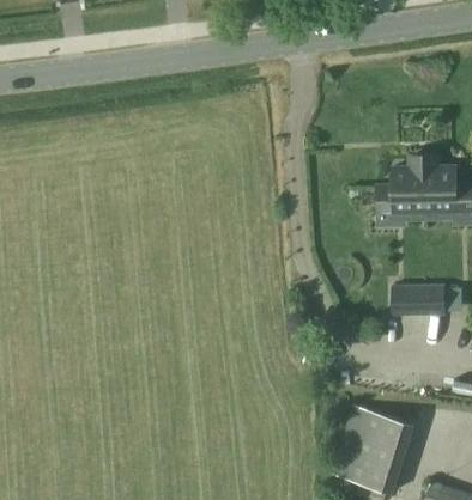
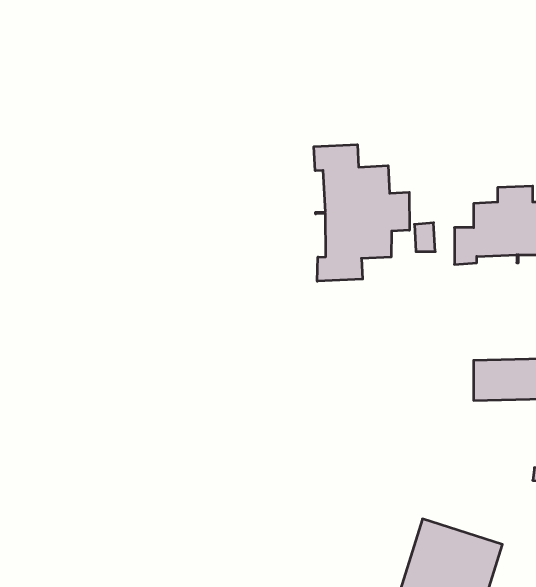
building: none -> [314,145,409,281]

